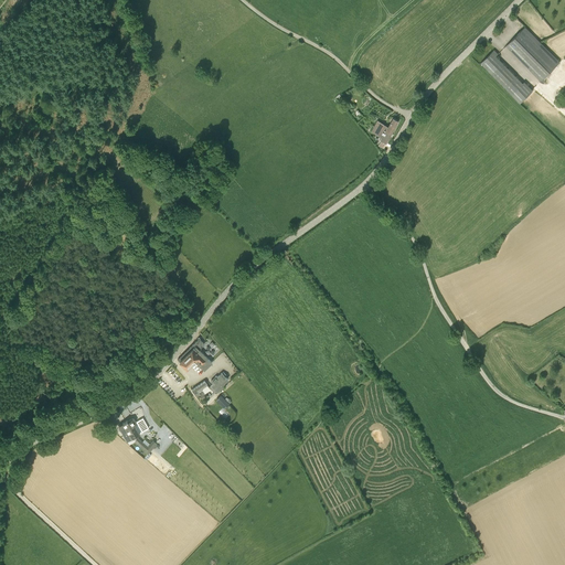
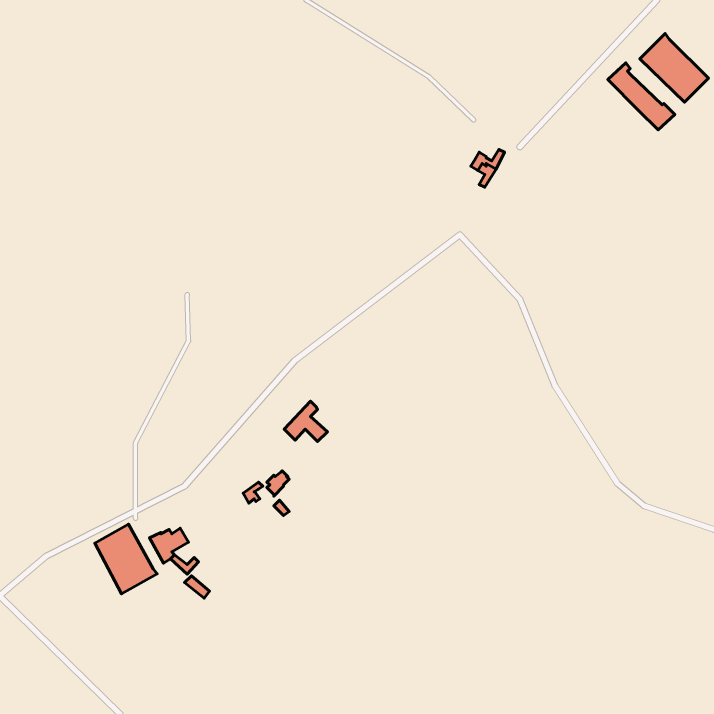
building: [178,338,212,370] -> [284,401,327,442]
building: none -> [95,524,157,594]

